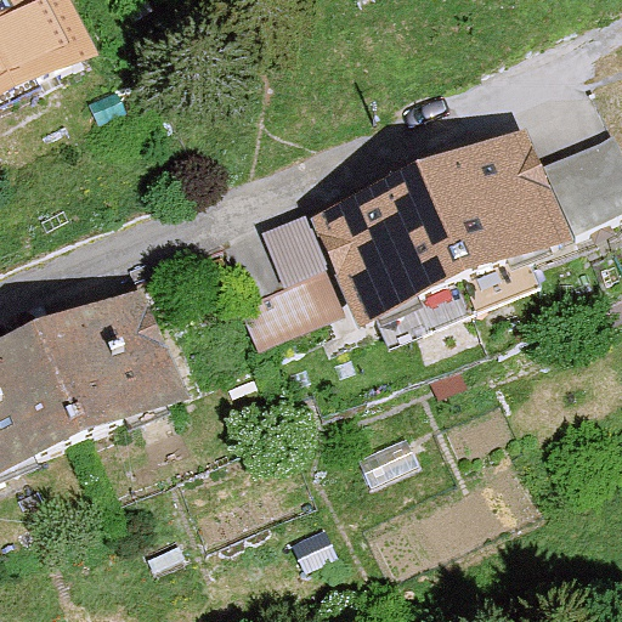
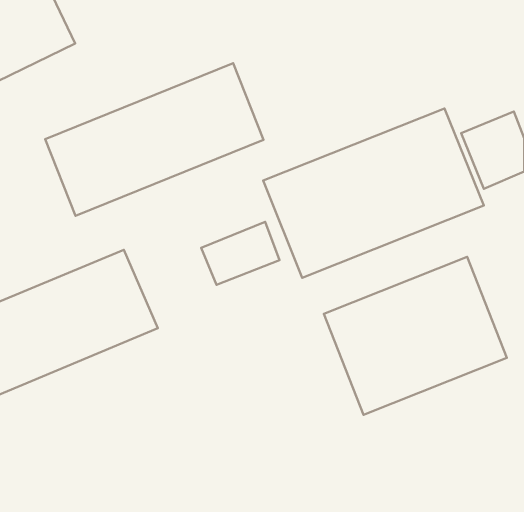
building: none -> [45,63,263,216]
building: none -> [324,257,507,415]

